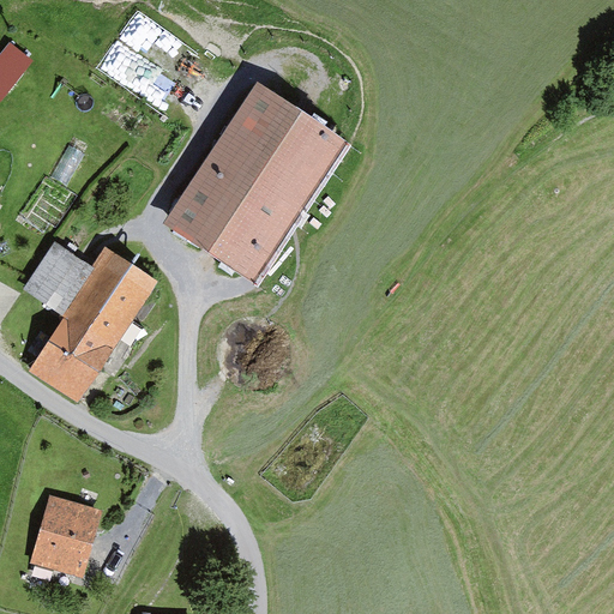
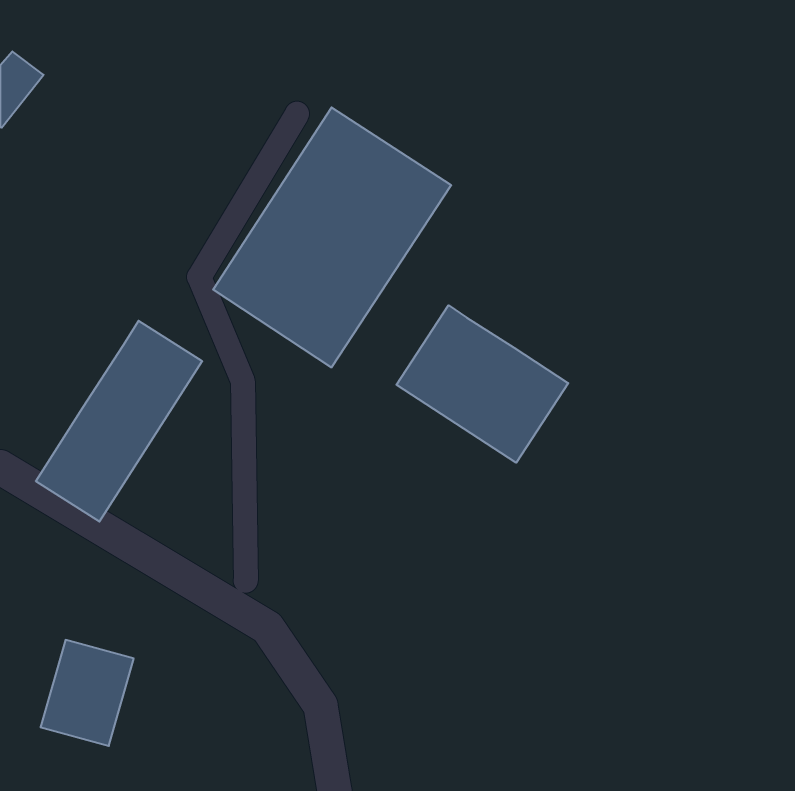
building: none -> [396,305,568,463]
building: [23,240,95,314] -> none

